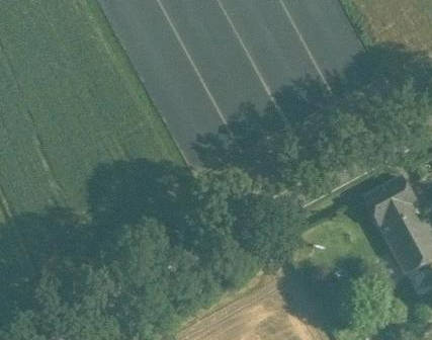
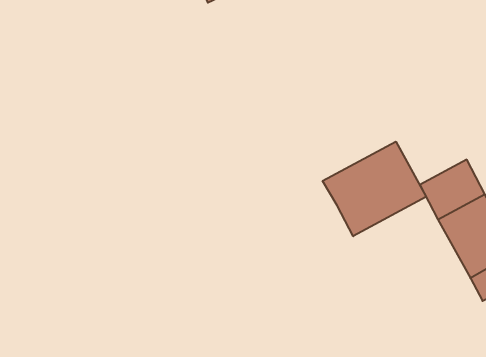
building: none -> [323,142,426,236]

